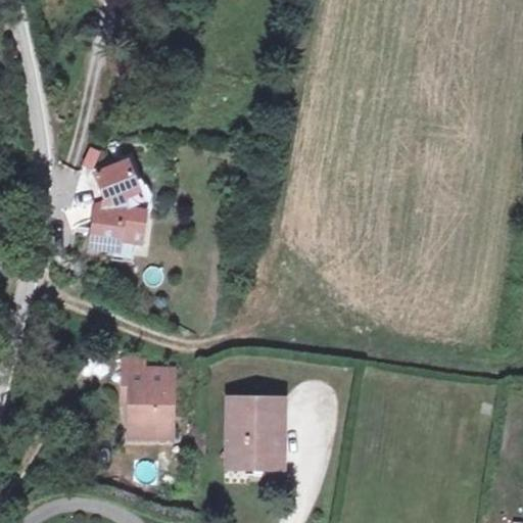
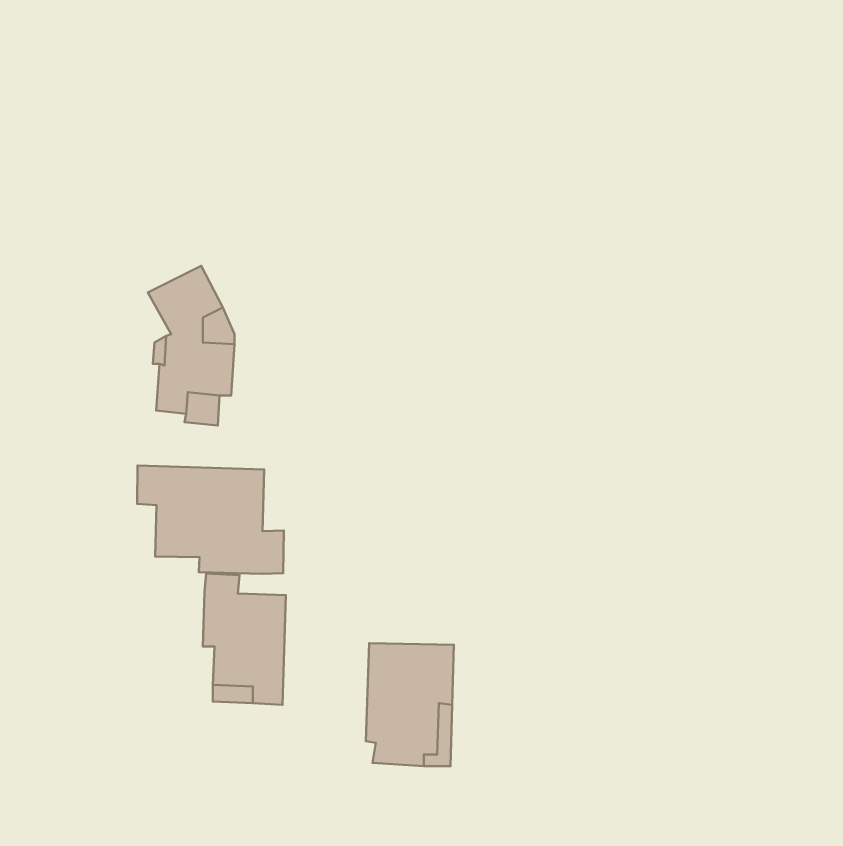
building: none -> [137,466,284,574]

